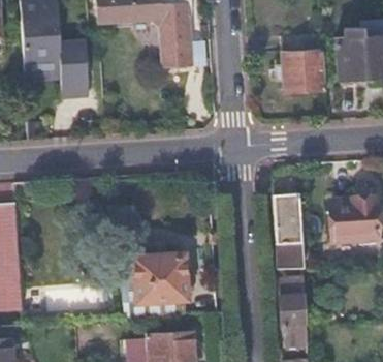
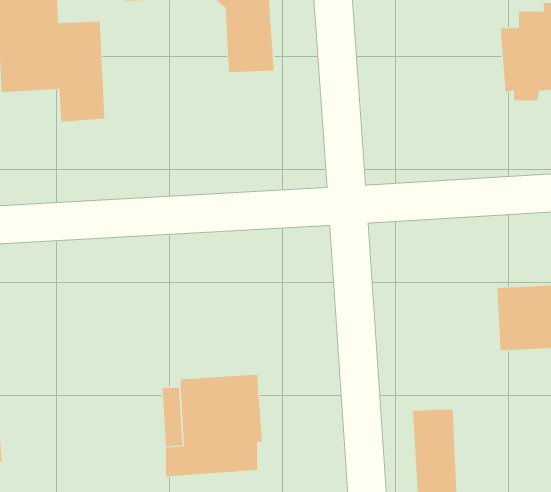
building: [276,31,325,93] -> none
building: [274,194,304,268] -> none

